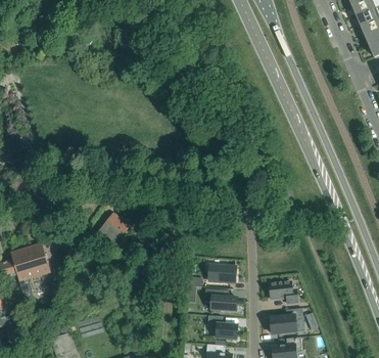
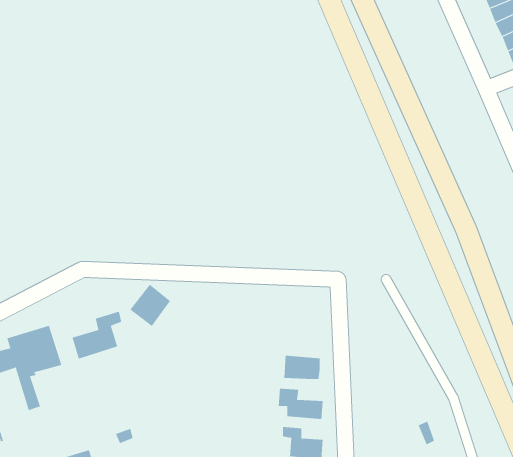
building: none -> [72,311,122,359]
building: [269,281,296,304] -> none
building: [270,308,302,333] -> none

